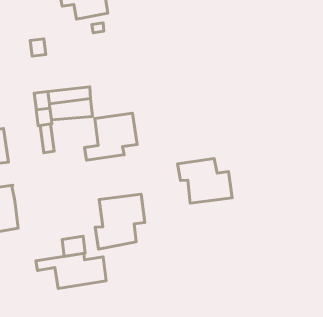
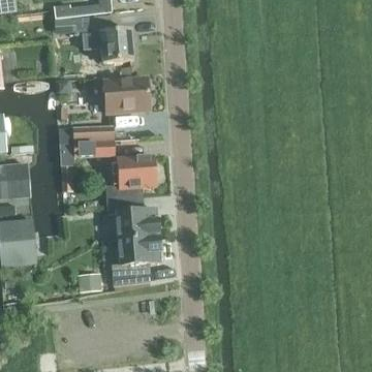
building: none -> [101,80,149,113]
building: [177,159,232,203] -> [105,195,157,238]
building: [36,253,106,288] -> none

